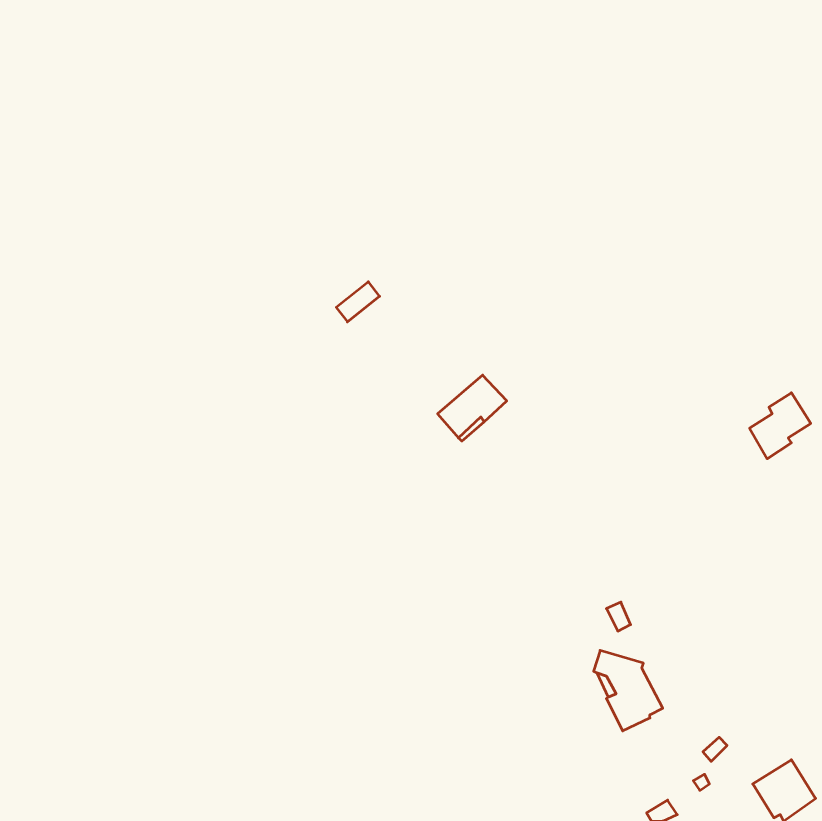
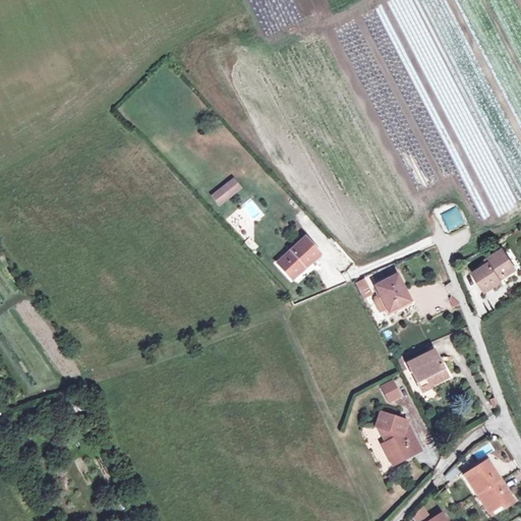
building: none -> [374,274,411,312]
building: none -> [407,349,447,391]
building: none -> [463,459,501,496]

